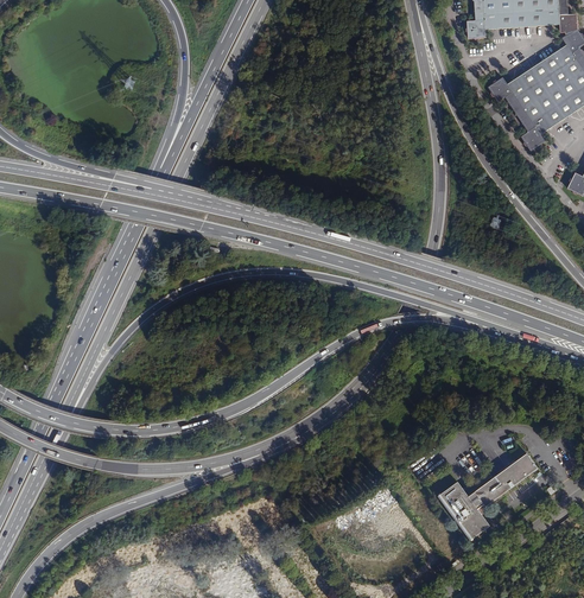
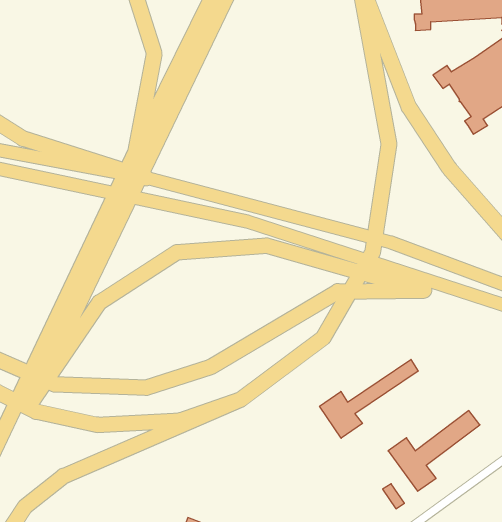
building: none -> [320,359,418,438]

